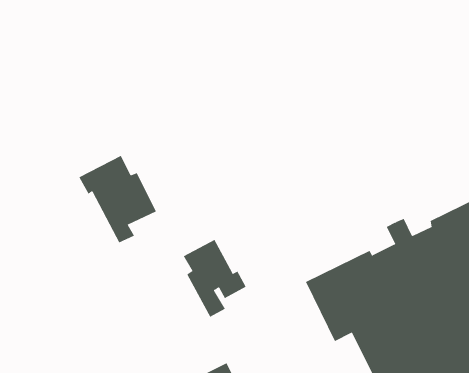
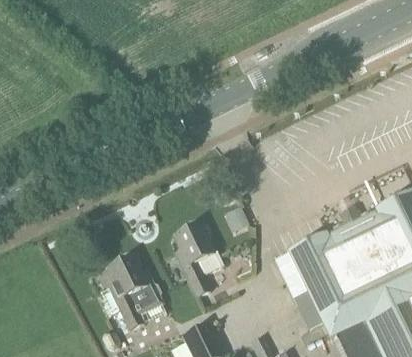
building: [78,155,157,243] -> [98,253,162,325]

